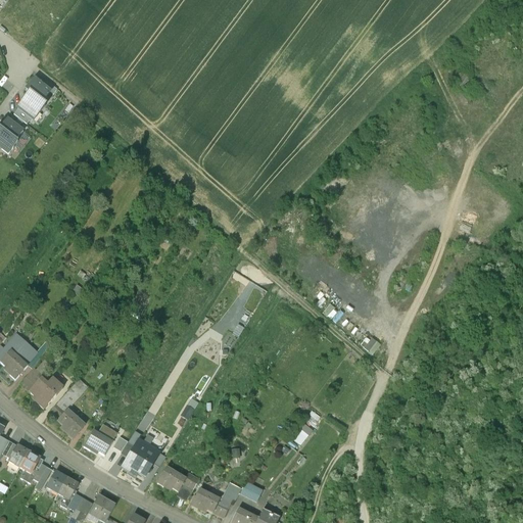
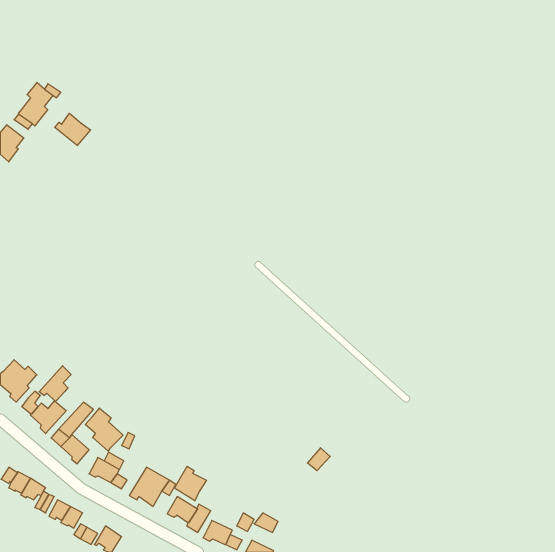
building: none -> [55,113,91,145]
building: none -> [39,366,71,401]
building: none -> [85,408,123,451]
building: none -> [175,466,206,501]

